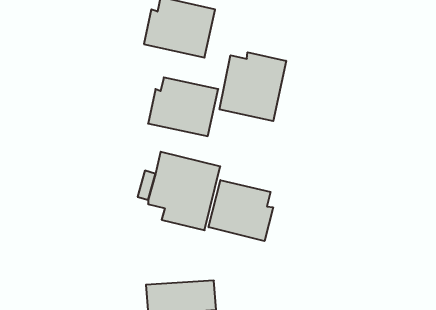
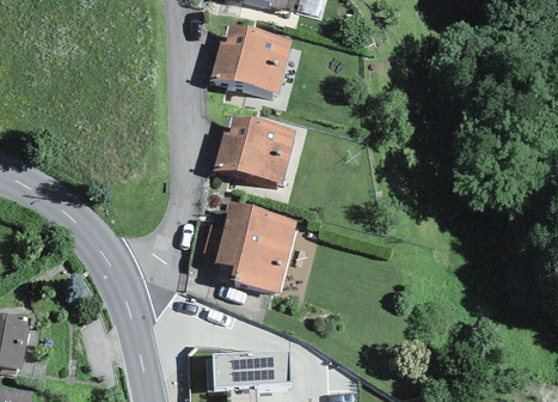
building: [220,52,286,121] -> none
building: [209,180,273,241] -> none

